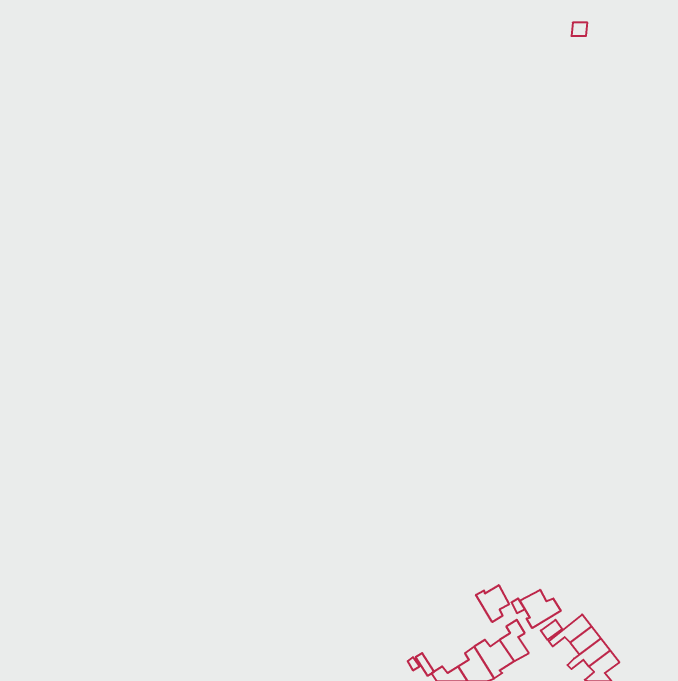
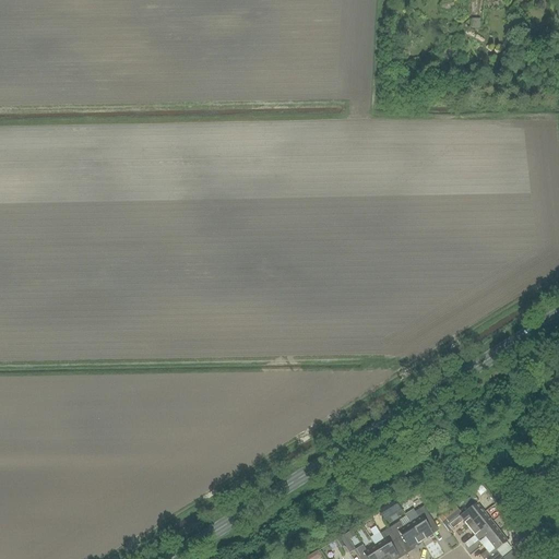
building: [476,585,509,622] -> none
building: [520,590,561,628] -> none

